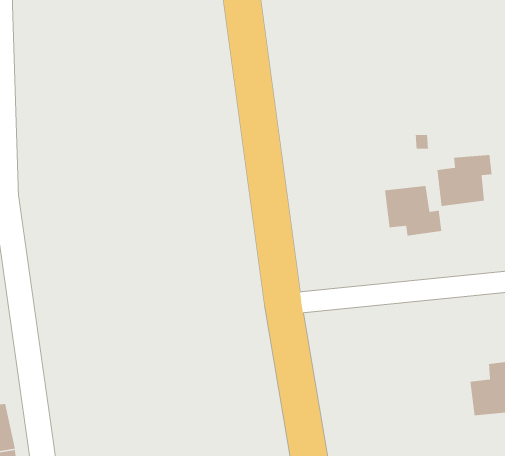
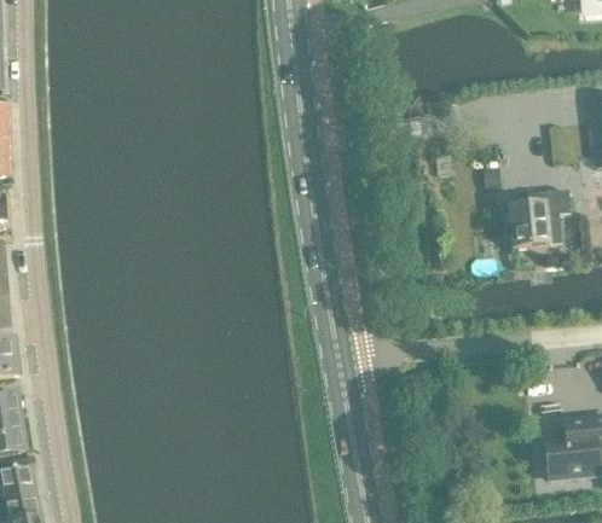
building: [384,185,442,237] -> none

